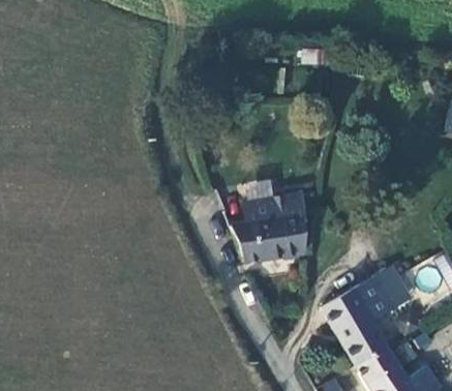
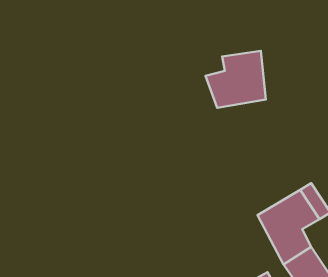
building: [231,192,305,263] -> [206,51,266,108]

